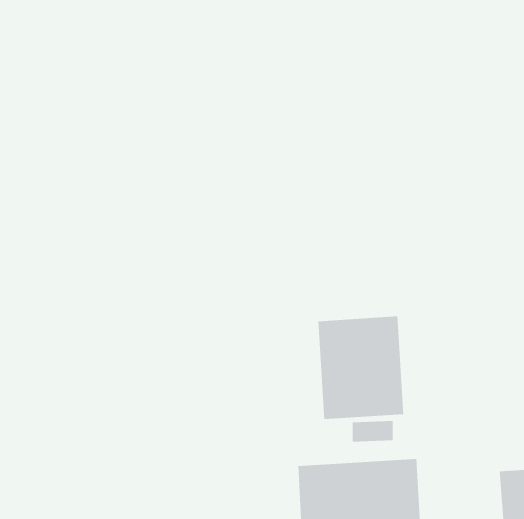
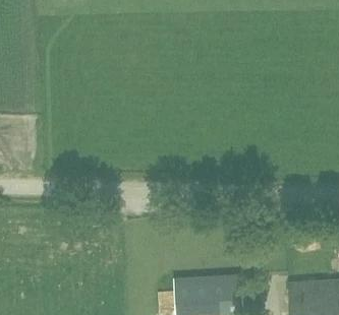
building: [318,316,404,420] -> none

